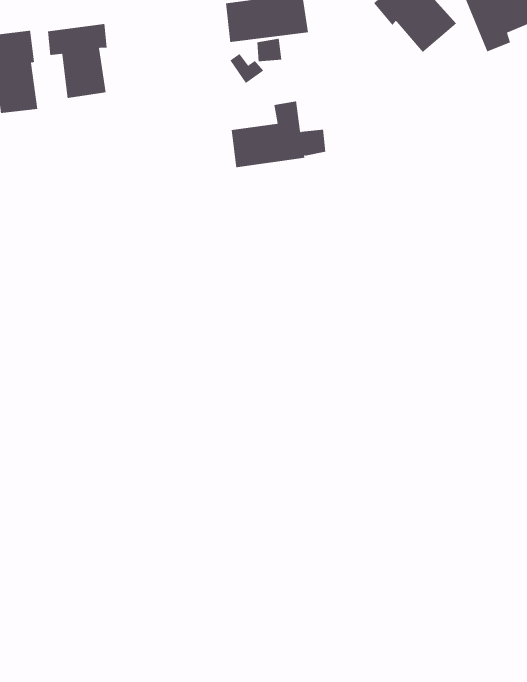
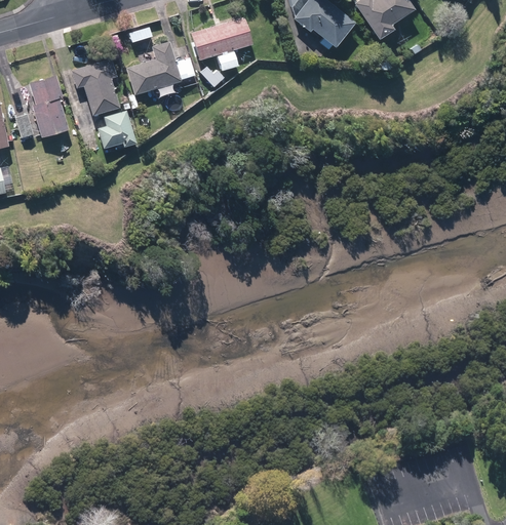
building: none -> [96,111,135,149]
building: [231,101,326,168] -> [126,43,194,95]

